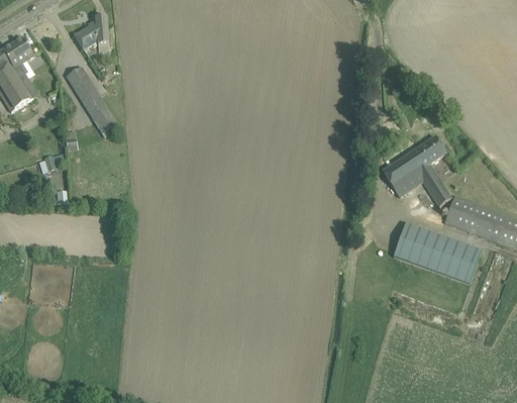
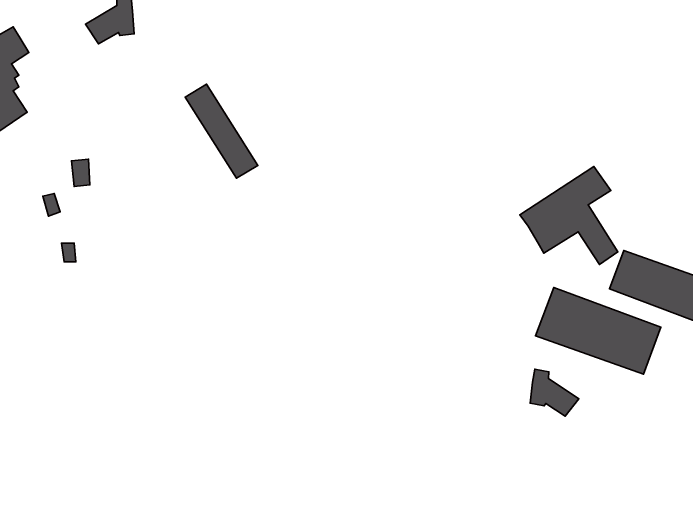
building: [66,66,117,132] -> [185,84,258,178]
building: none -> [530,369,579,416]

